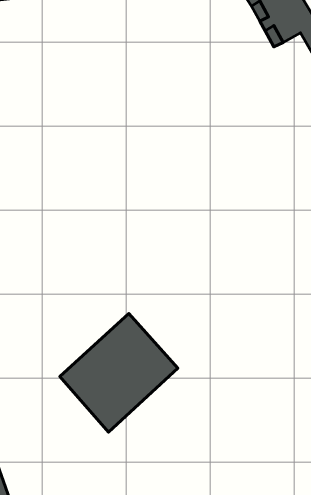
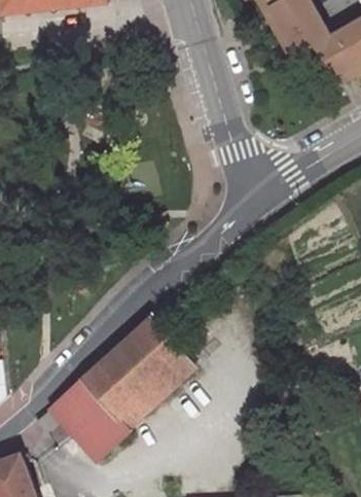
building: none -> [35,376,131,462]

